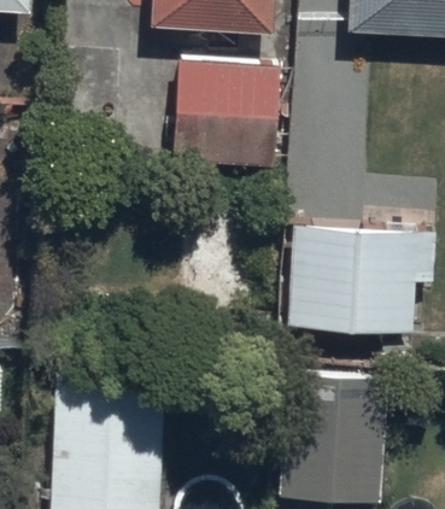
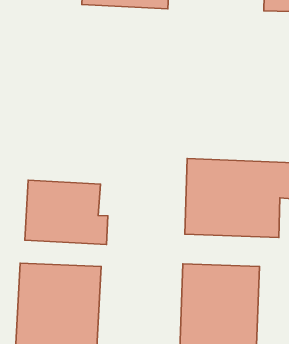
building: [170,59,276,168] -> none
building: none -> [25,180,108,245]

